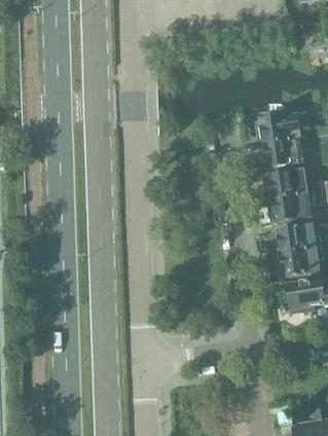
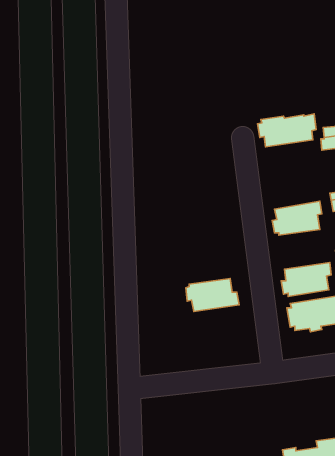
building: [260,136,305,168] -> none
building: [263,168,312,198] -> none
building: [272,223,321,253] -> [186,279,239,312]

